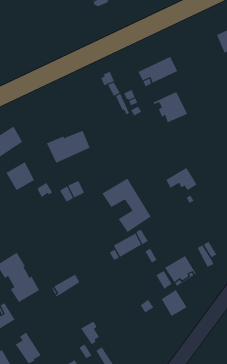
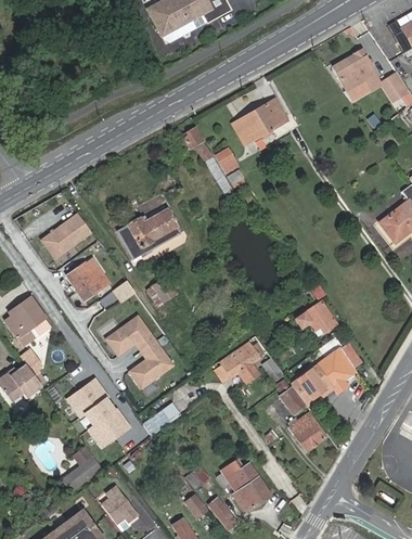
building: [153,91,188,123] -> none
building: [165,167,197,191] -> [294,300,337,332]
building: [102,178,151,233] -> [102,313,171,387]
building: none -> [234,463,270,510]

